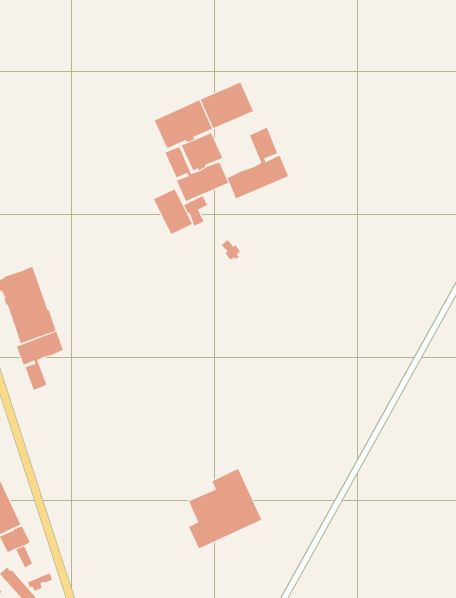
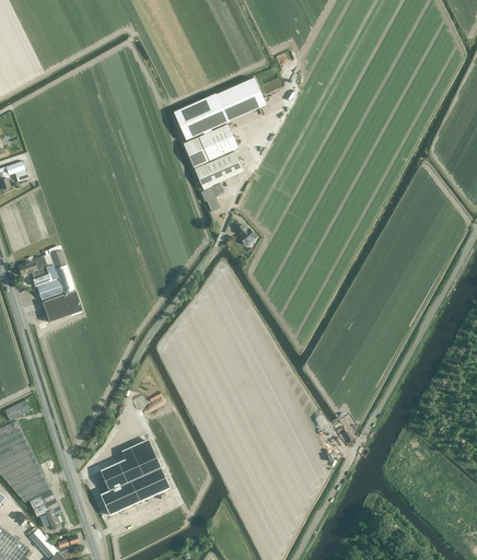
building: [227,127,289,199] -> none
building: [153,188,193,235] -> none
building: [16,331,64,391] -> none
building: [188,468,262,549] -> [100,440,168,515]

